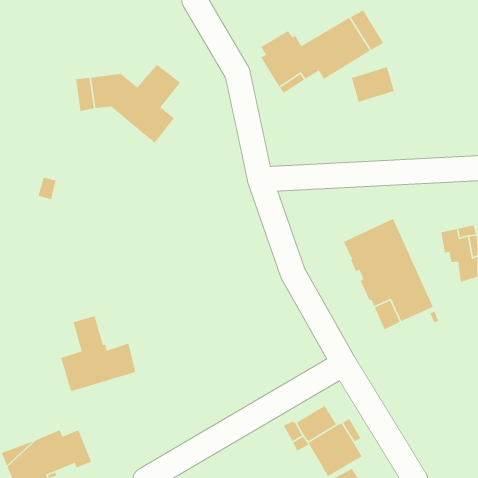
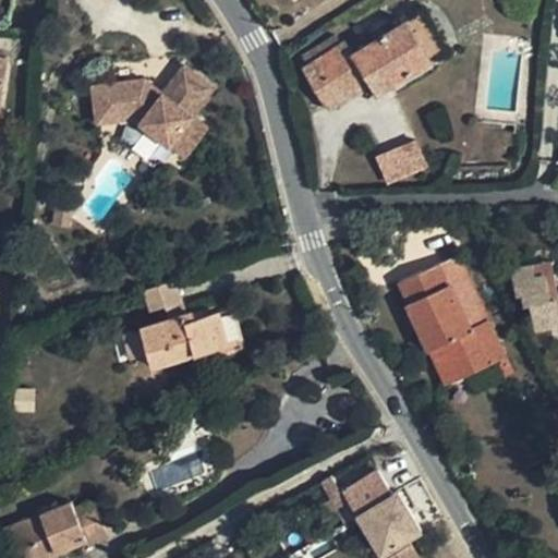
building: [351,66,395,103] -> [373,143,424,185]
building: [60,315,136,392] -> [138,279,227,368]

